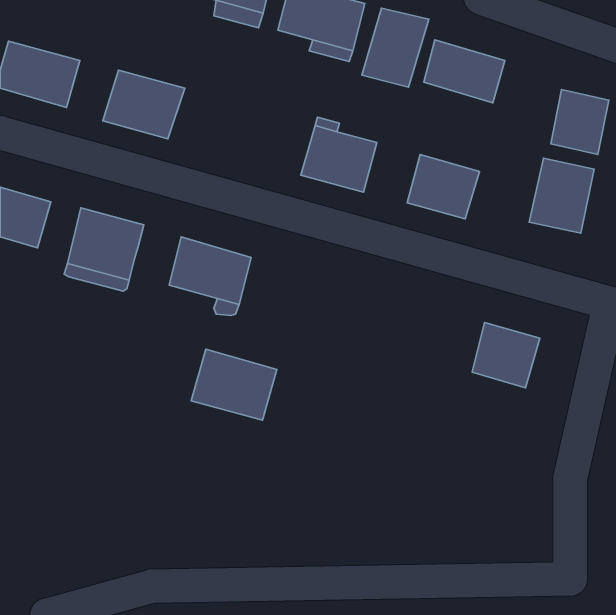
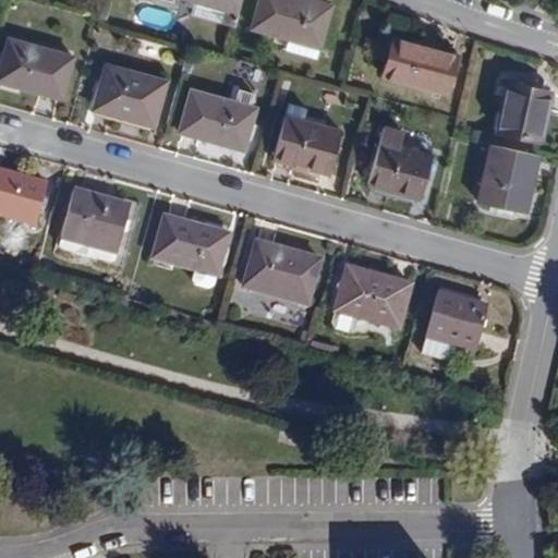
building: [362,8,429,87] -> none
building: none -> [181,88,255,148]
building: none -> [335,265,411,328]
building: [191,349,277,420] -> [243,239,320,303]

